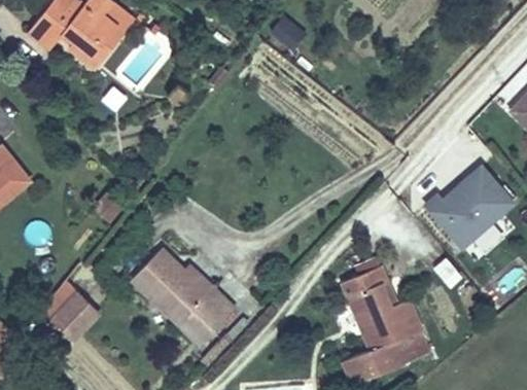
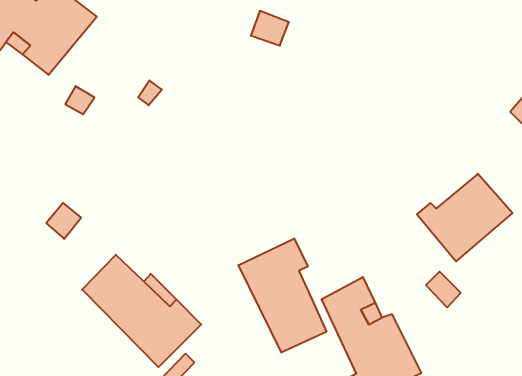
building: none -> [238,238,326,353]
building: [50,294,98,341] -> none

